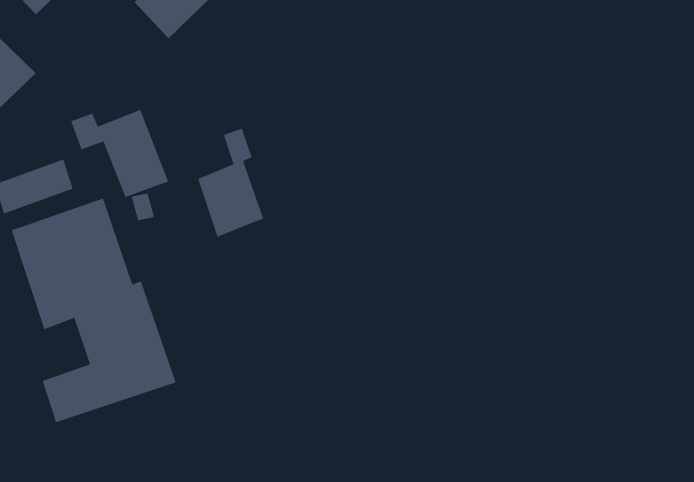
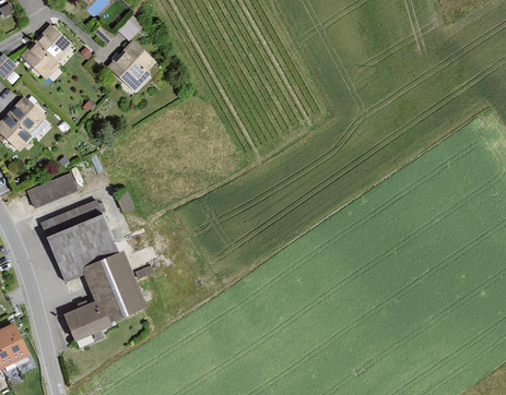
building: [70,109,169,198] -> none
building: [197,128,264,238] -> none

